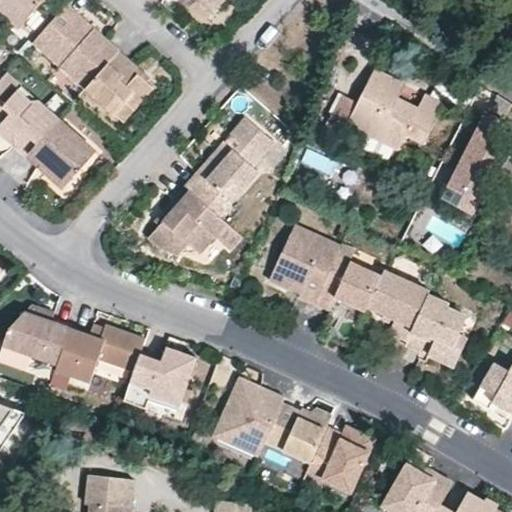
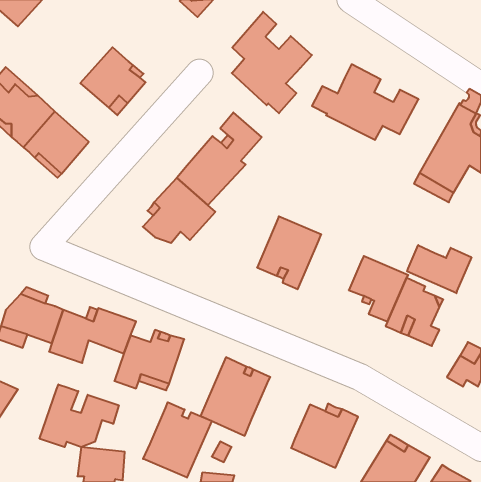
building: [32,4,119,88] -> none
building: none -> [232,12,312,113]
building: [315,255,383,313] -> none
building: none -> [407,245,471,293]
building: [266,405,333,464] -> none
building: none -> [40,384,119,447]
building: none -> [143,402,212,478]

